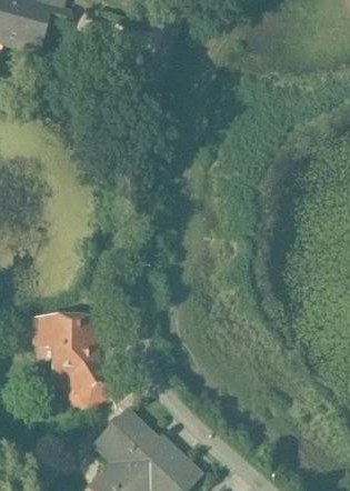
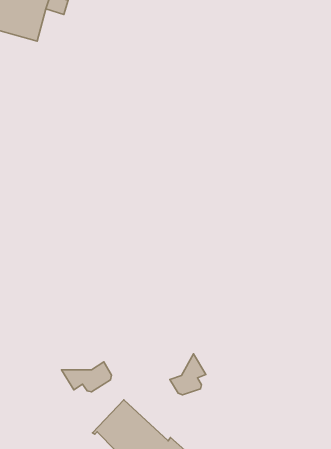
building: [34,315,98,362] -> none
building: none -> [170,354,206,395]

